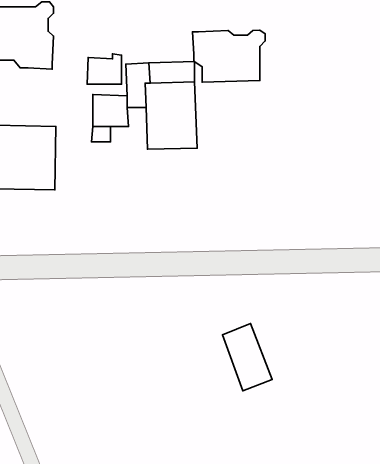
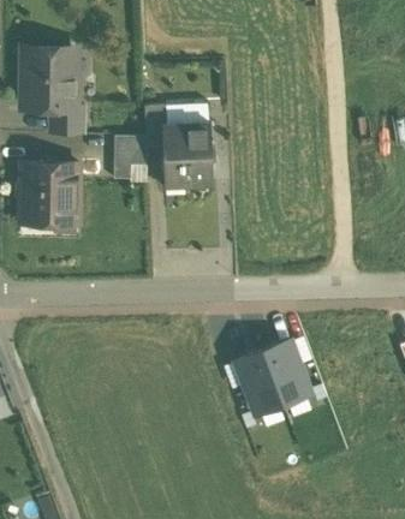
building: [193,30,265,82] -> none
building: [87,54,121,84] -> [50,106,83,135]
building: none -> [262,341,309,404]

